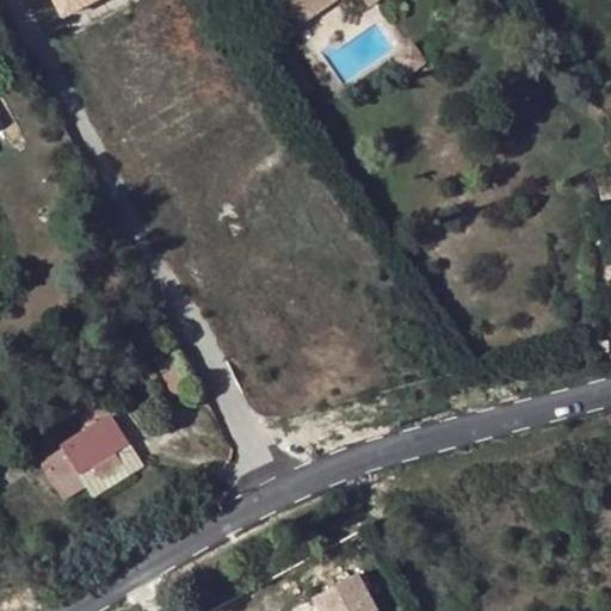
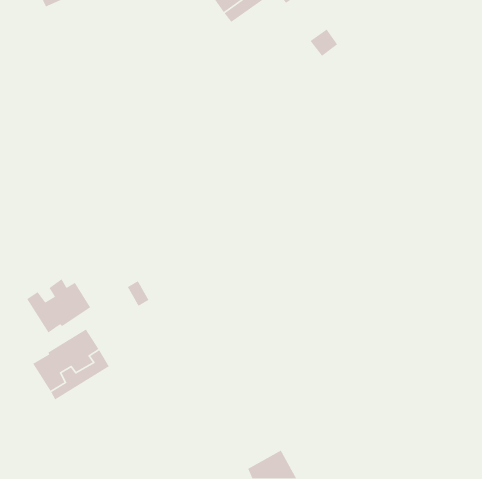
building: none -> [26,278,91,334]

